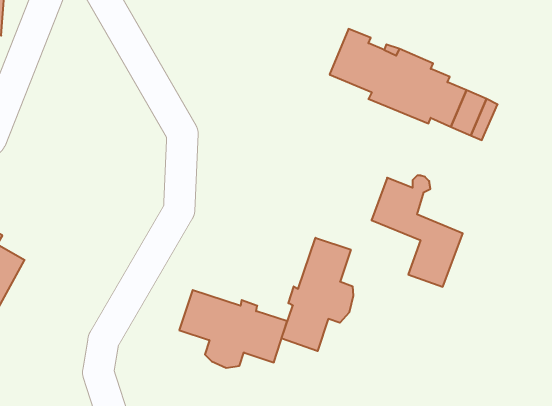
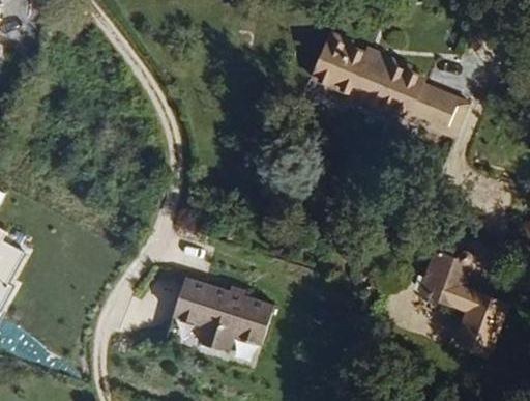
building: [371,176,463,287] -> [420,251,505,354]
building: [282,238,353,351] -> none

